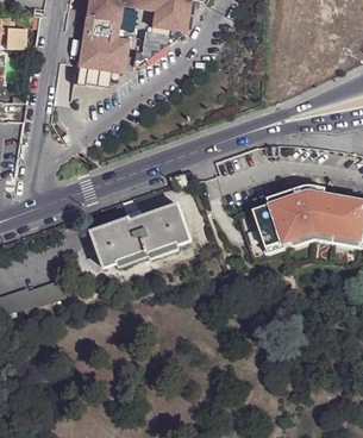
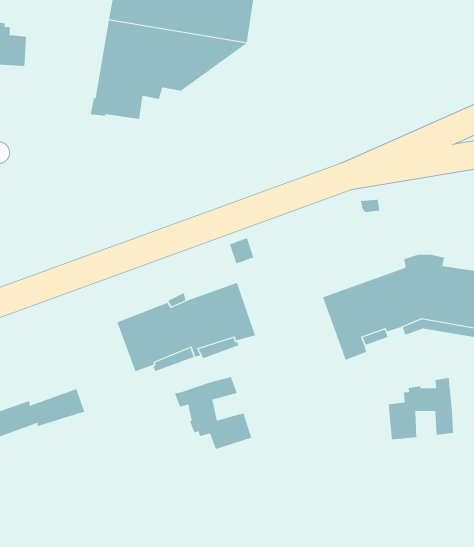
building: none -> [174,376,252,450]
building: none -> [388,377,454,440]

